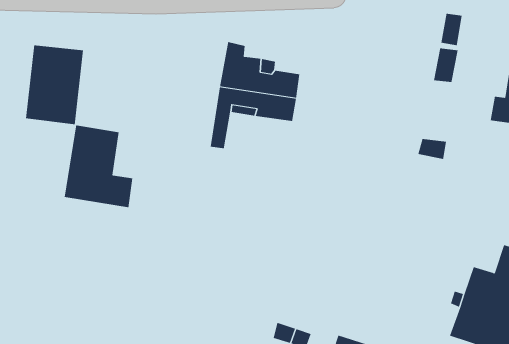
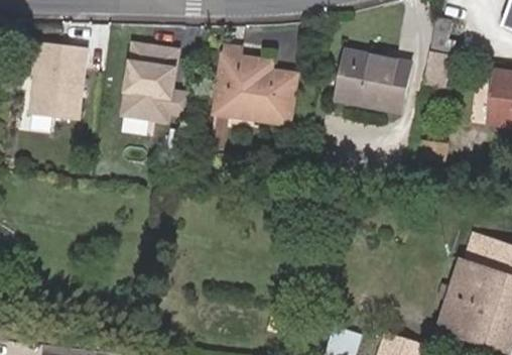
building: none -> [334,48,413,110]
building: [64,125,133,208] -> [124,46,190,126]

